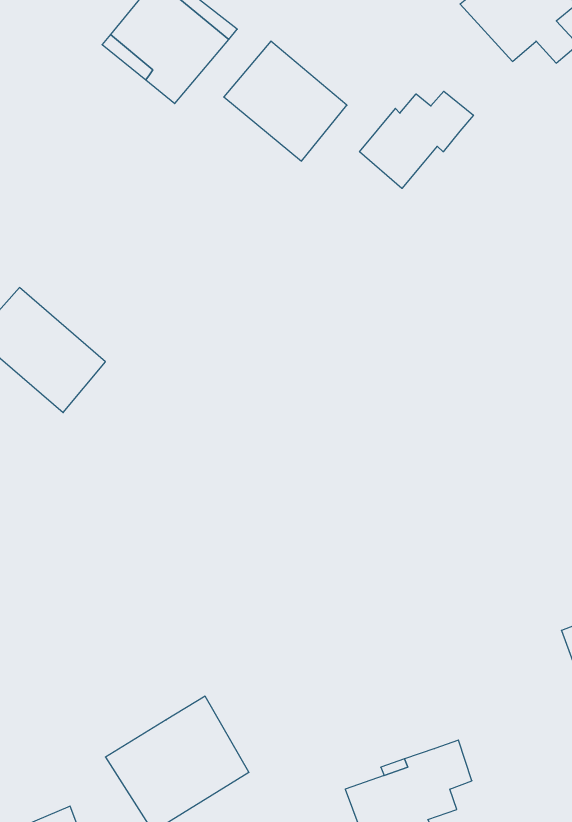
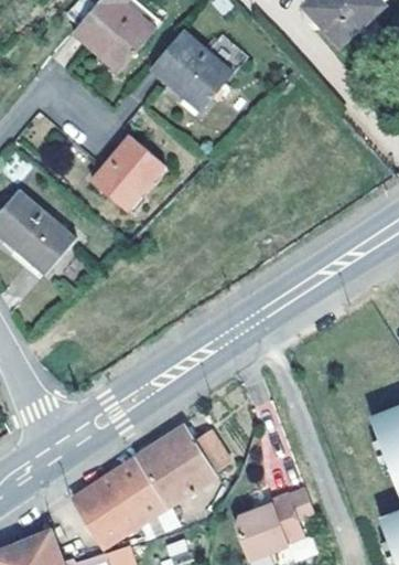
building: [360,91,473,188] -> none
building: none -> [91,136,162,209]
building: none -> [138,427,229,508]

